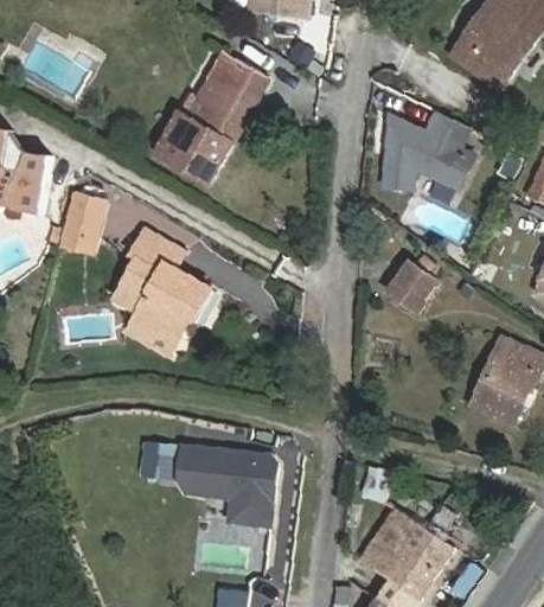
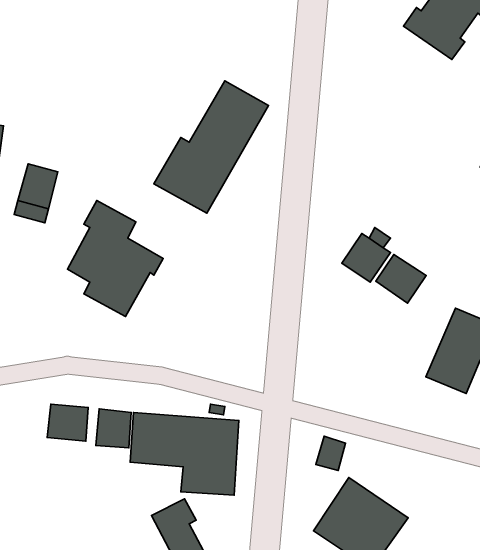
building: [152,52,267,185] -> [154,81,268,213]
building: [380,115,474,190] -> none
building: none -> [376,254,426,303]
building: none -> [47,404,88,441]

